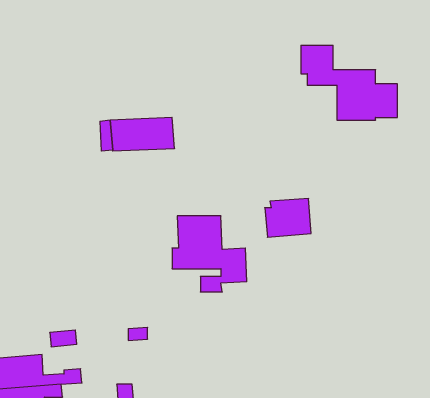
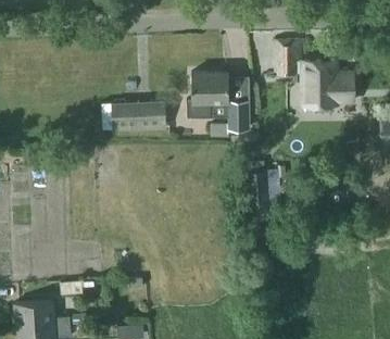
building: [172,216,247,292] -> [187,73,250,137]

